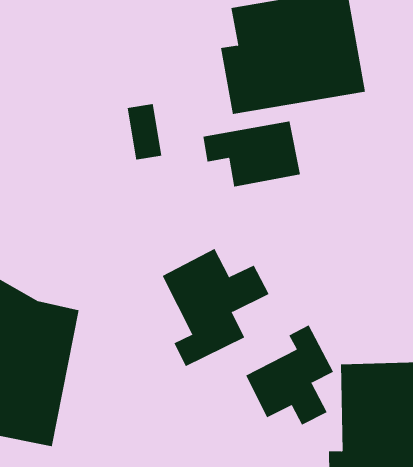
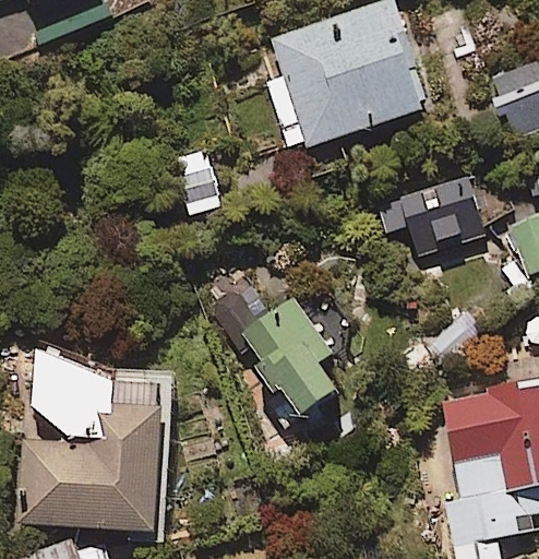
building: [202,121,301,187] -> [378,179,487,258]
building: [245,325,334,425] -> none

